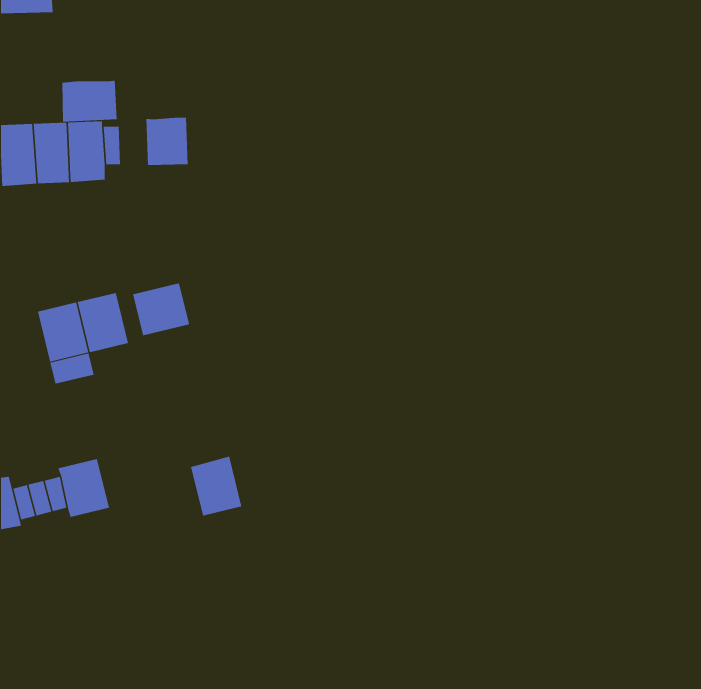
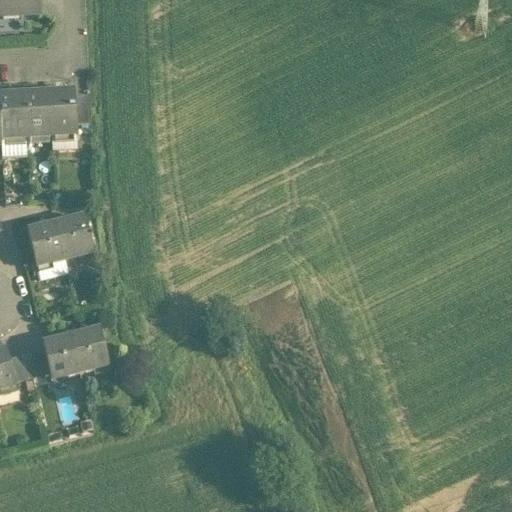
building: [62,80,117,122] -> none
building: [146,117,188,166] -> none
building: [133,283,190,336] -> none
building: [190,456,242,516] -> [71,326,109,370]

